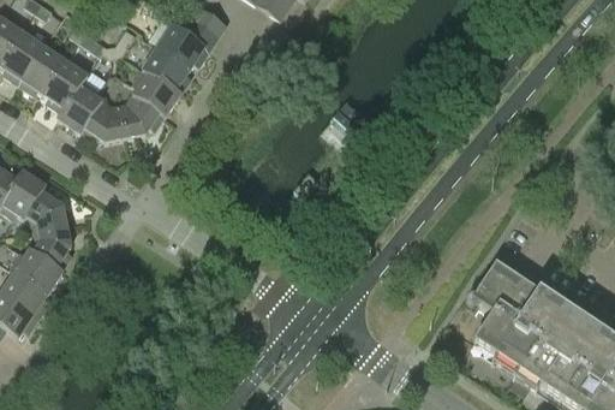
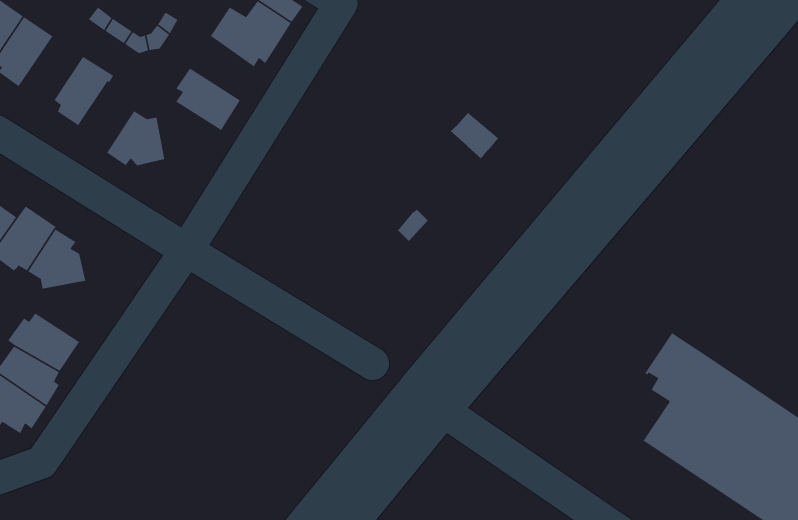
building: [17,44,64,93] -> none
building: [142,44,190,91] -> none
building: [55,67,106,131] -> none
building: [118,93,163,135] -> none
building: [29,224,71,267] -> none

